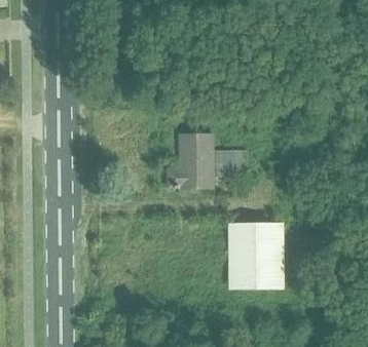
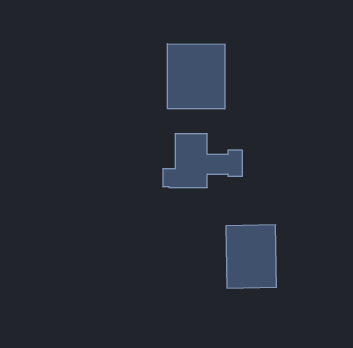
building: none -> [167,44,225,109]

